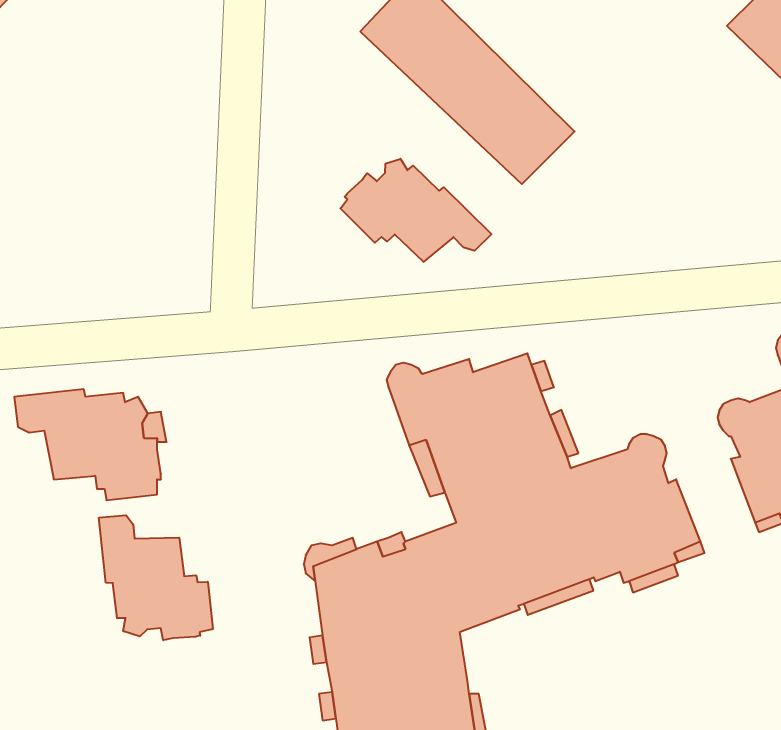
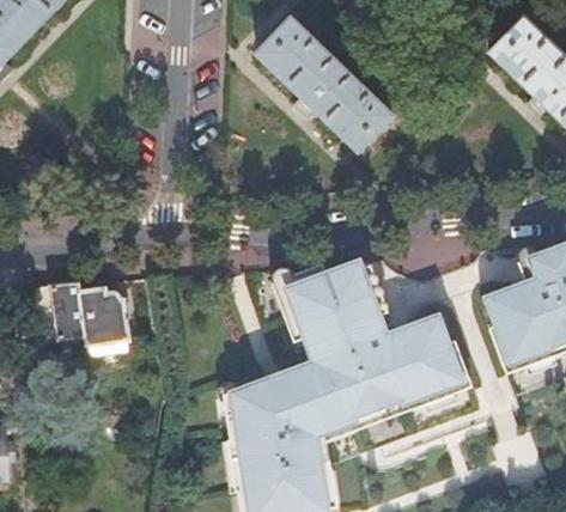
building: [340,159,491,262] -> none
building: [99,515,213,640] -> none

